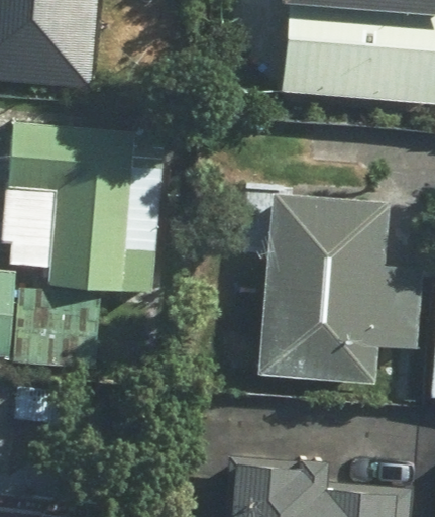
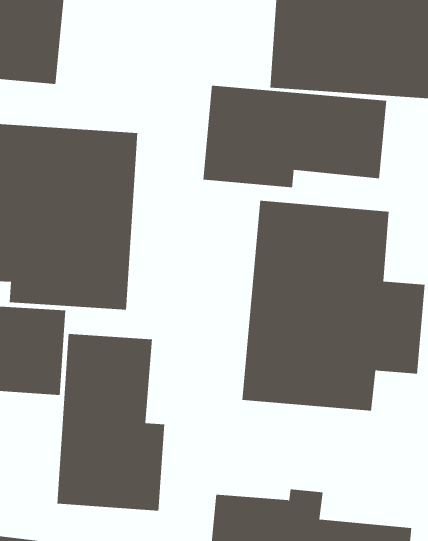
building: none -> [203,85,387,188]
building: none -> [57,333,165,511]

